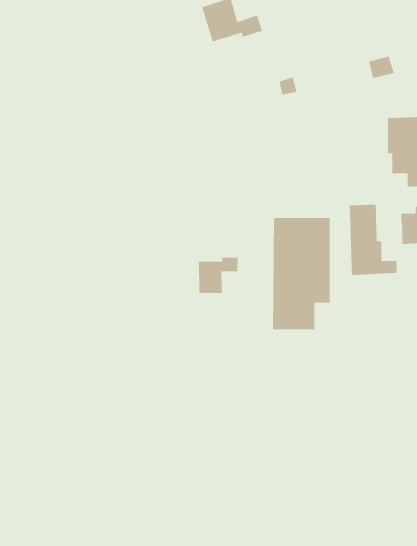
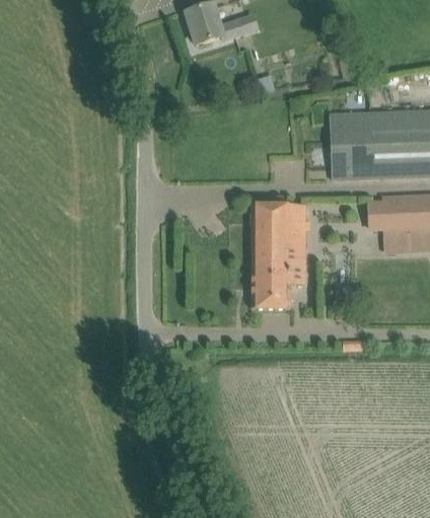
building: [349,204,398,276] -> [331,113,375,178]
building: [198,257,238,294] -> none

